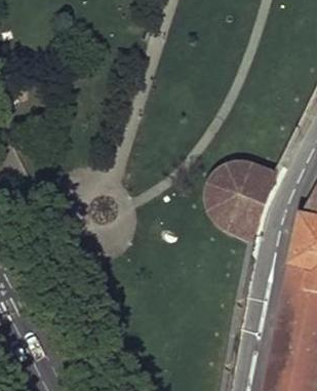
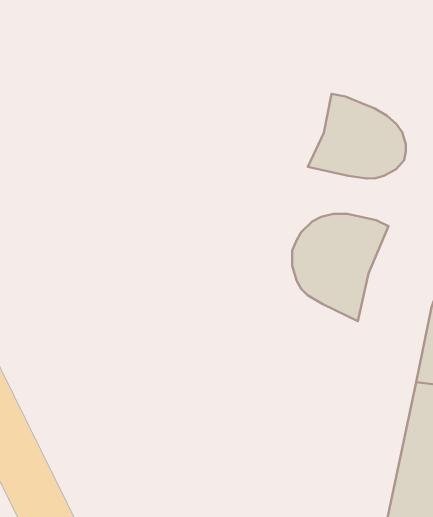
building: none -> [308,94,406,178]

